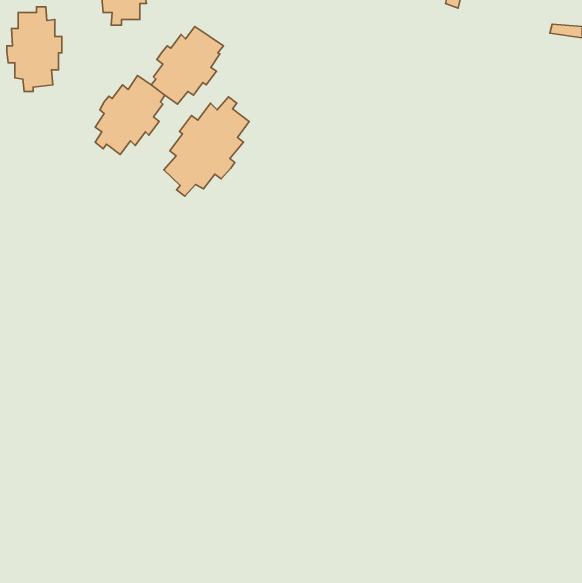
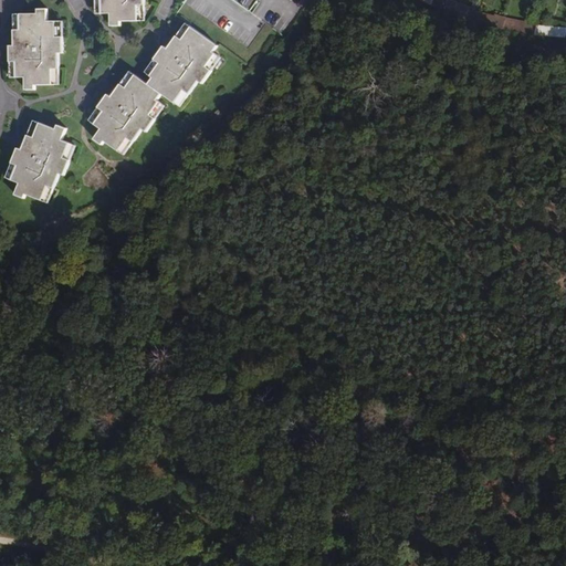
building: [164,97,249,196] -> none
building: none -> [10,122,69,199]

